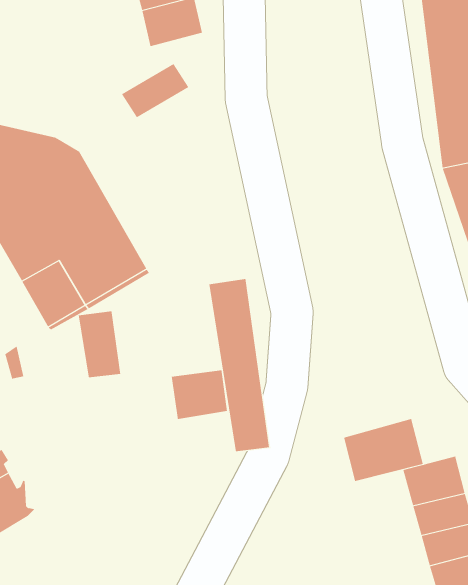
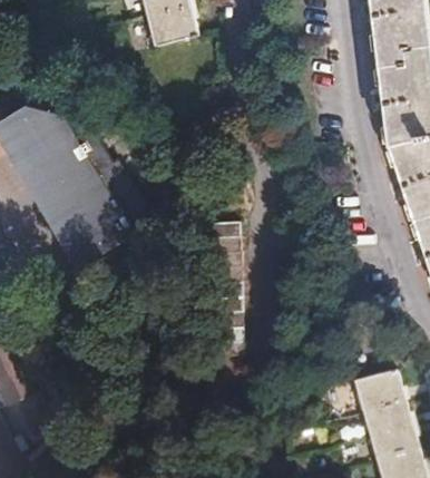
building: [121,63,189,118] -> none
building: [78,311,121,378] -> none
building: [171,369,228,420] -> none
building: [344,418,424,482] -> none

